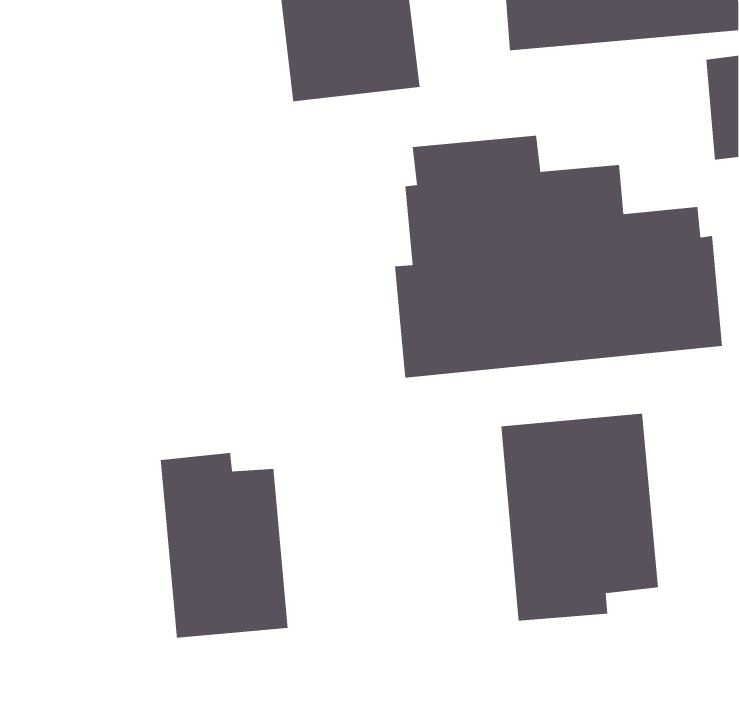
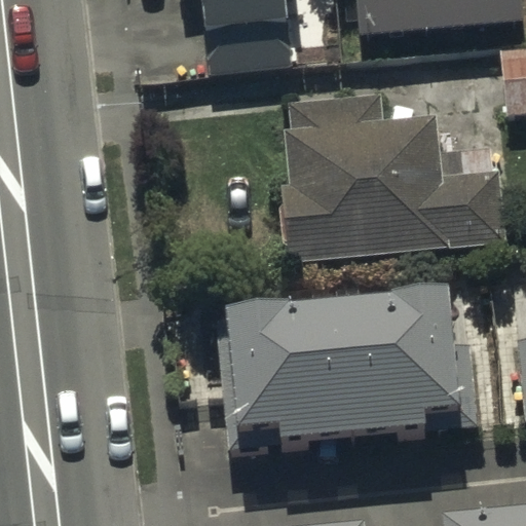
building: none -> [216,301,366,449]
building: [160,452,288,638] -> none

